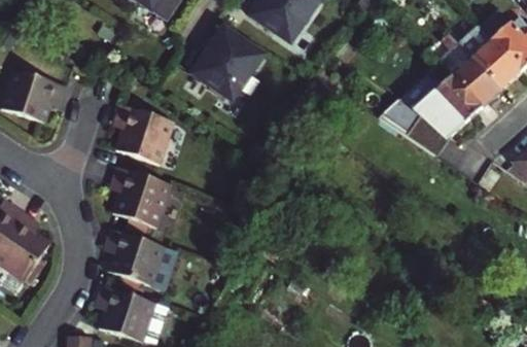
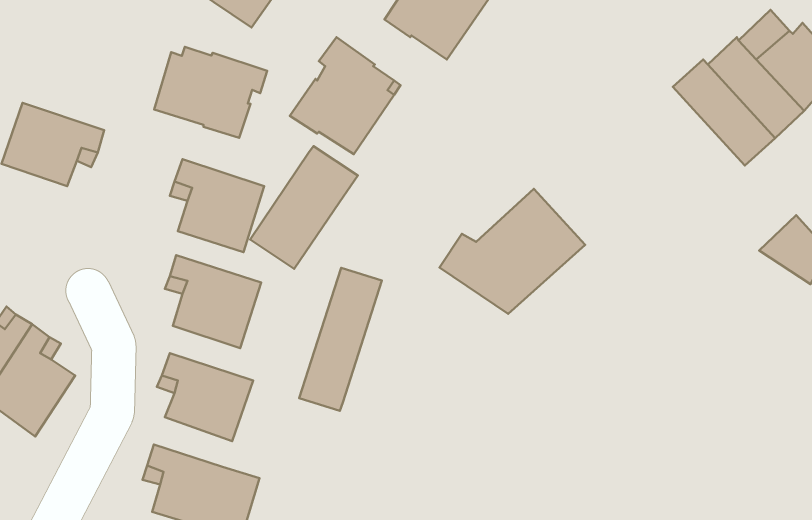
building: none -> [154,47,267,138]
building: [389,71,483,151] -> [439,189,585,314]
building: none -> [250,146,358,269]
building: none -> [299,268,382,411]

